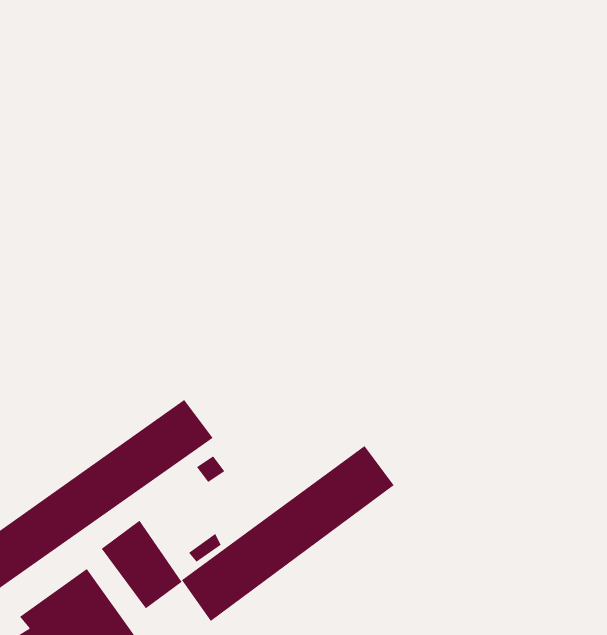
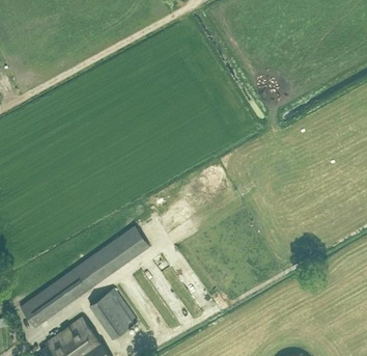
building: [181,445,395,622] -> none

